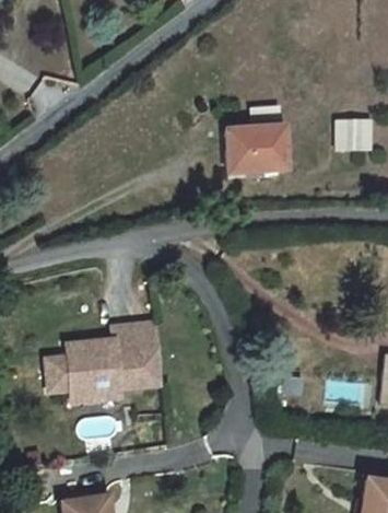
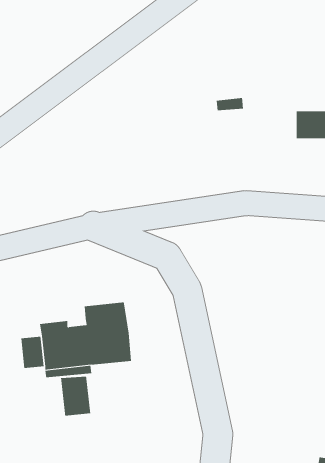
building: [225,126,285,173] -> none
building: none -> [60,376,91,417]

